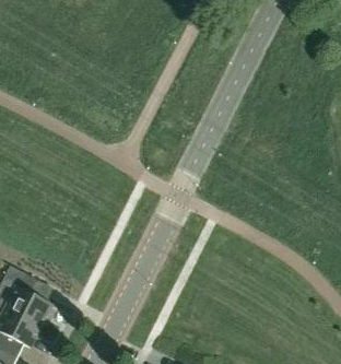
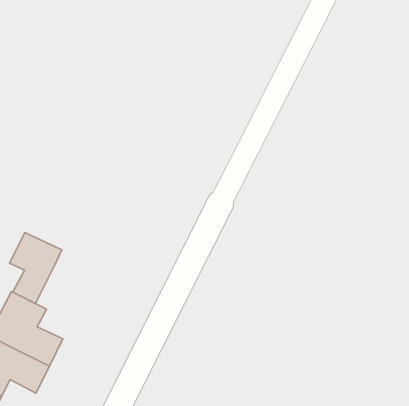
building: none -> [9,233,62,304]

